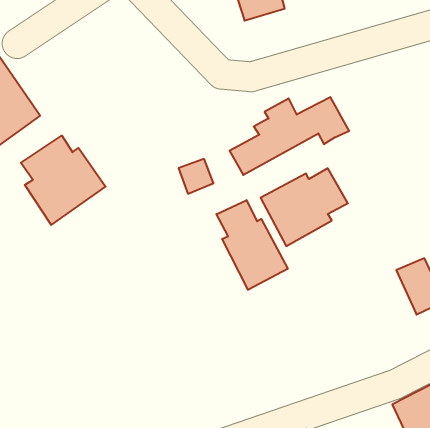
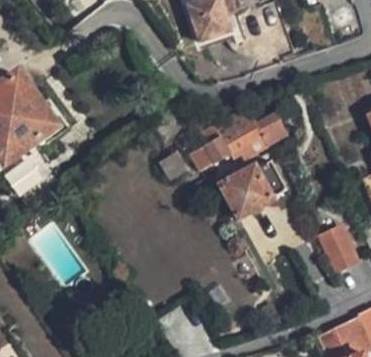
building: [21,136,106,225] -> none
building: [216,200,288,290] -> none

